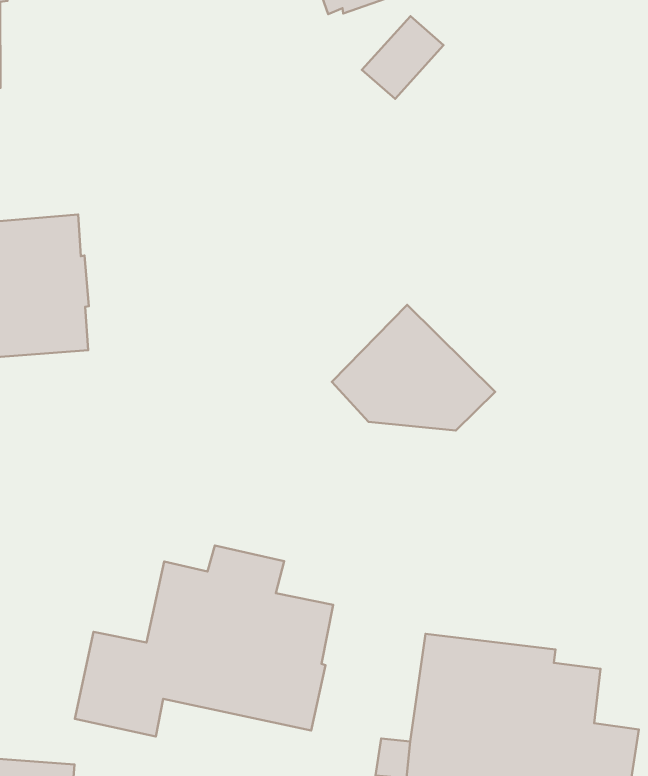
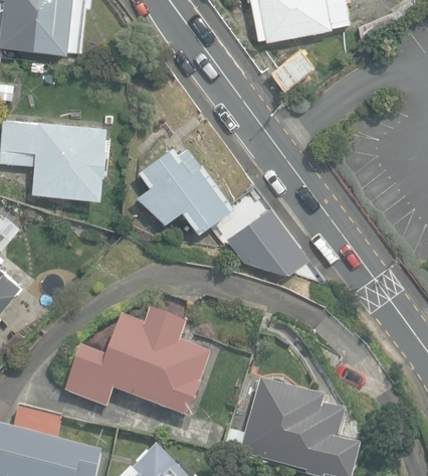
building: none -> [135,143,236,232]

